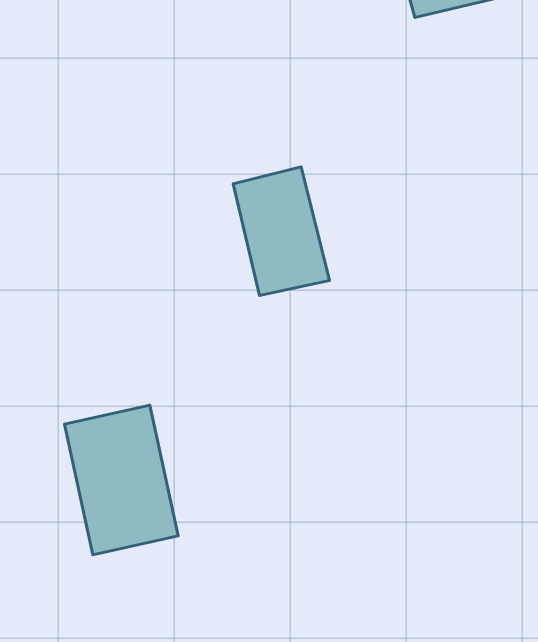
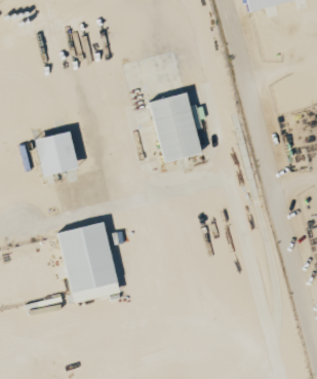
building: none -> [34,131,78,177]

